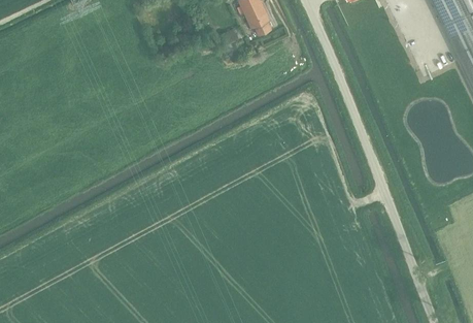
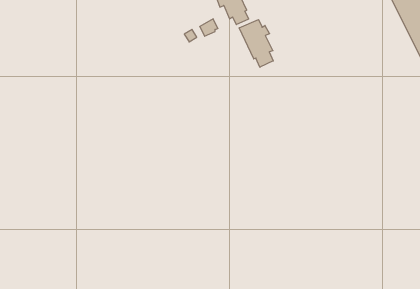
building: none -> [239,20,273,67]

